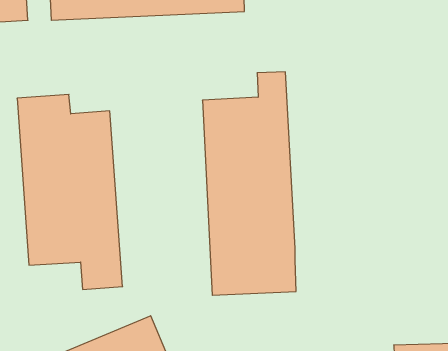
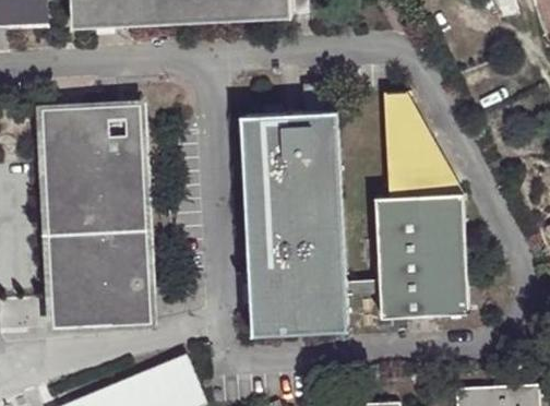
building: none -> [375,93,468,318]
building: none -> [93,107,139,132]
building: none -> [48,298,108,333]

